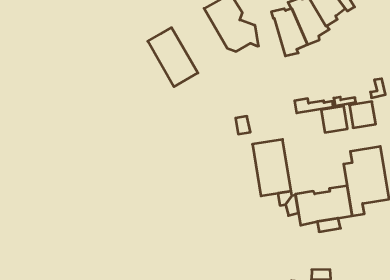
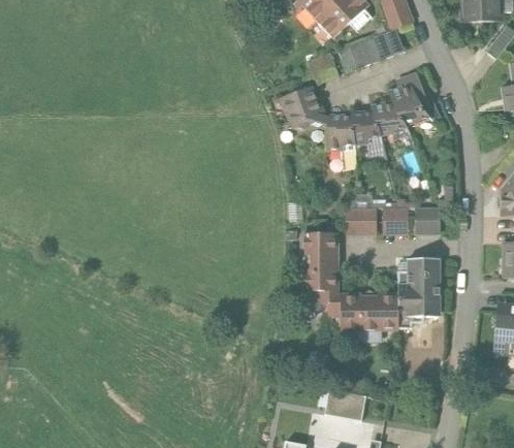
building: none -> [328,107,356,158]
building: [148,28,198,87] -> none
building: none -> [348,216,378,241]

